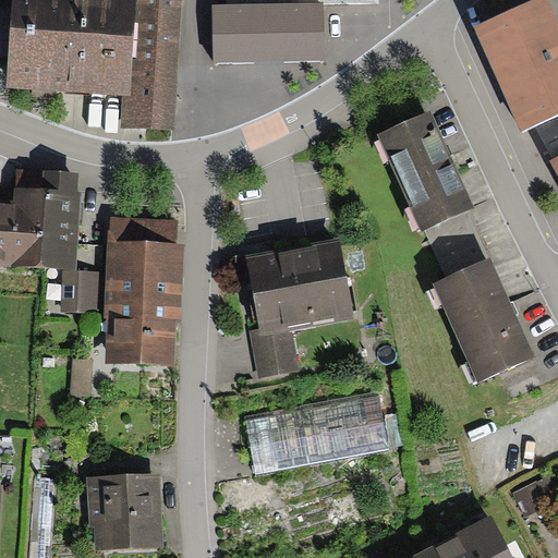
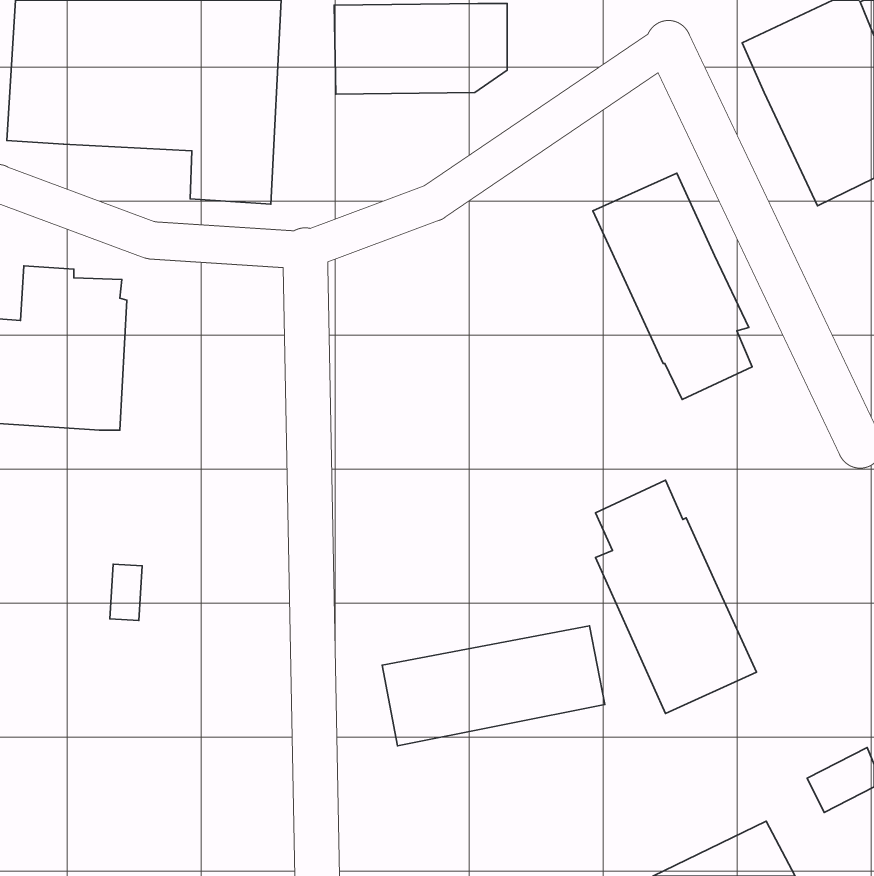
building: [102,218,184,366] -> none
building: [434,233,536,381] -> [595,480,756,713]
building: [245,236,353,378] -> none
building: [61,274,99,314] -> none
building: [85,474,161,549] -> none

